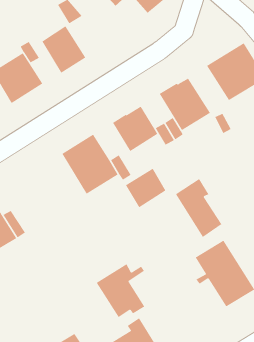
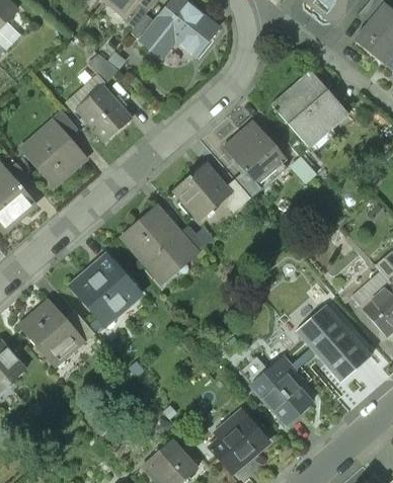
building: none -> [76,253,141,321]
building: [125,168,166,208] -> none
building: [175,178,222,238] -> none
building: [96,263,145,318] -> [251,355,313,420]

